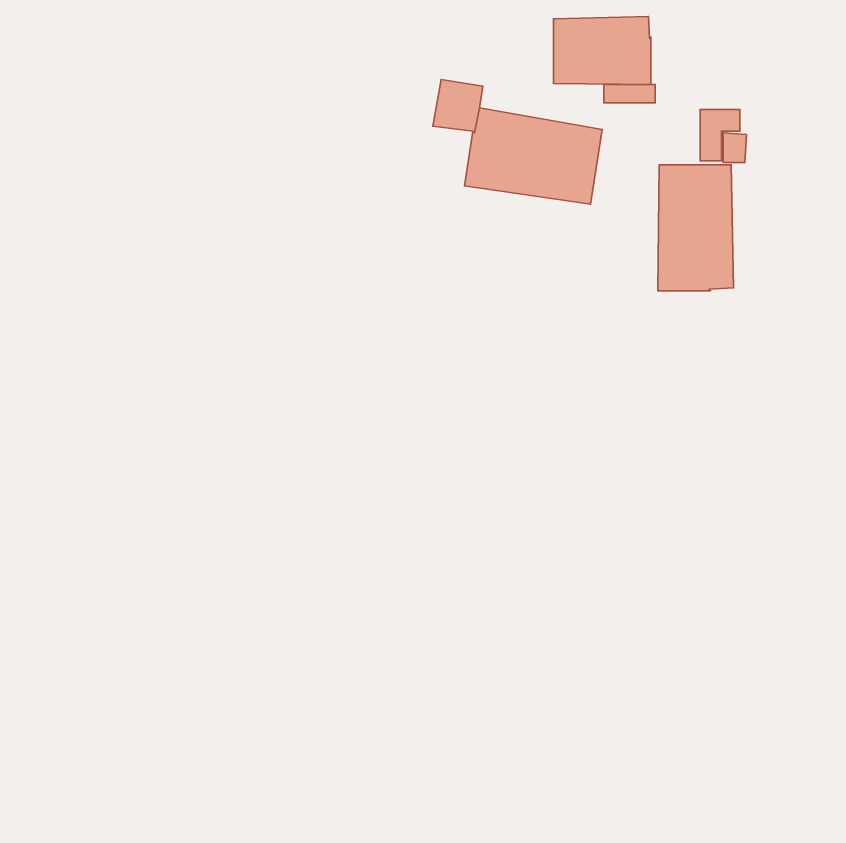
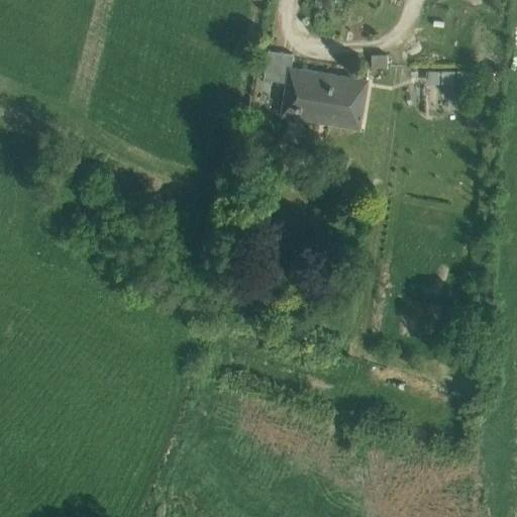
building: [553,17,651,85] -> none
building: [658,165,733,291] -> none

